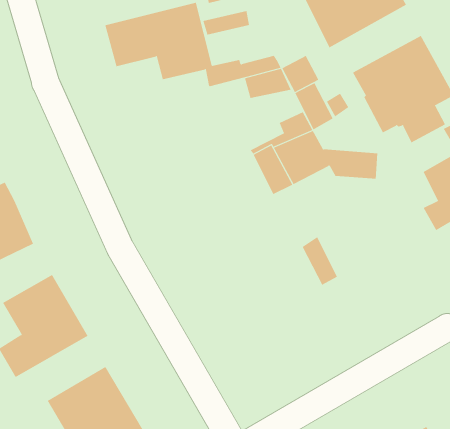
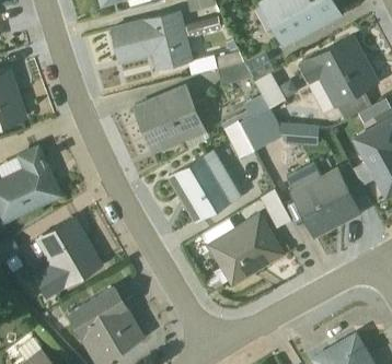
building: none -> [136,84,209,151]
building: none -> [169,150,242,222]
building: none -> [286,162,361,236]
building: none -> [204,214,284,289]

